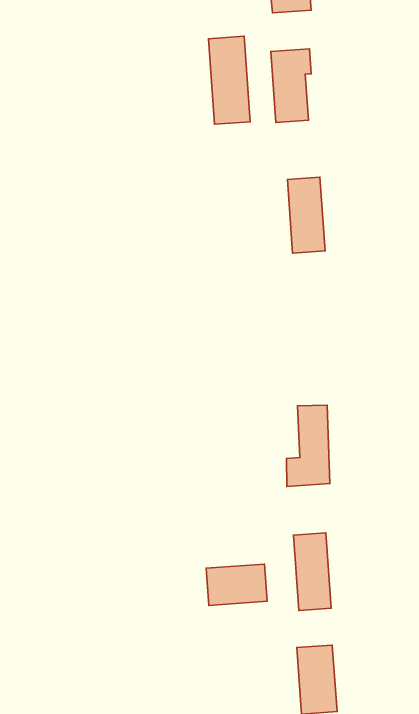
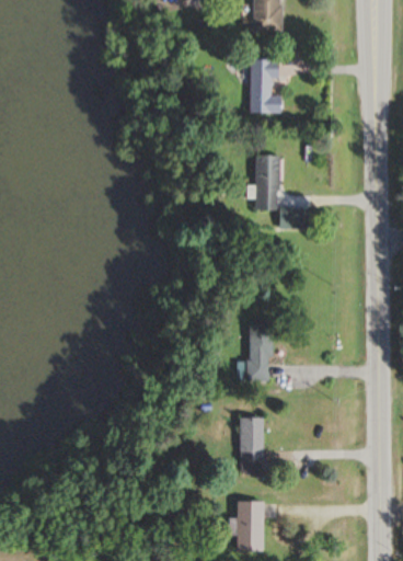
building: [209,36,250,124] -> none
building: [206,564,267,605] -> none

